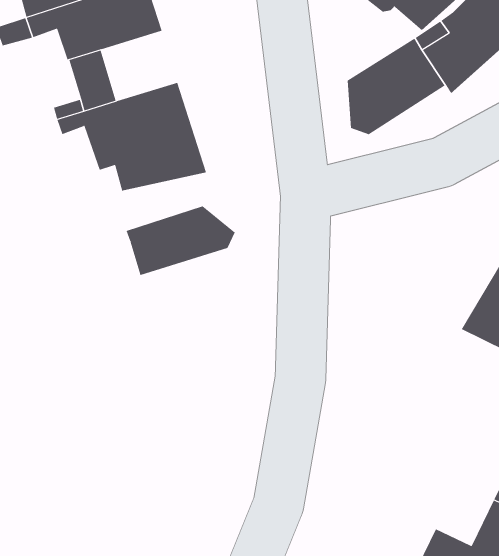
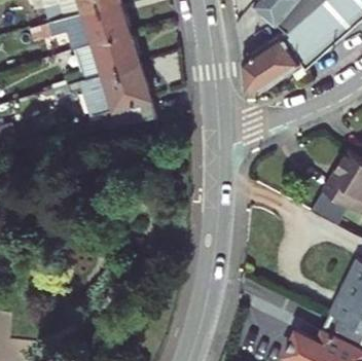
building: none -> [94,31,140,73]
building: [126,206,235,276] -> none

